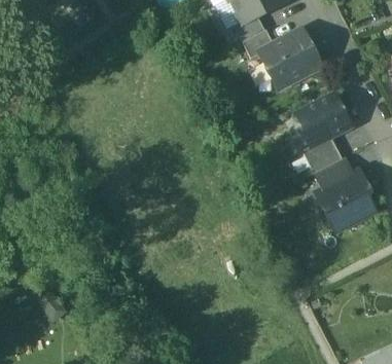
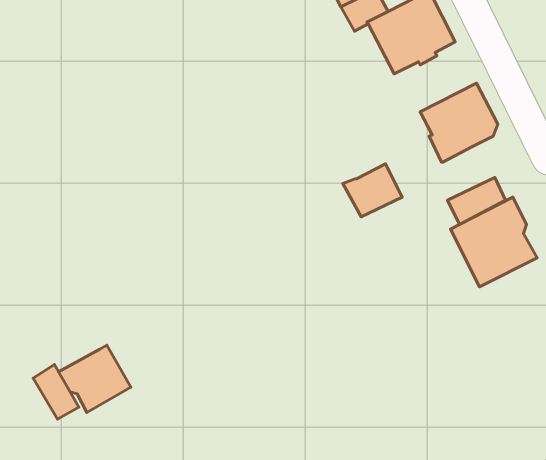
building: [302,137,343,173] -> [343,164,402,217]
building: none -> [59,345,131,412]

